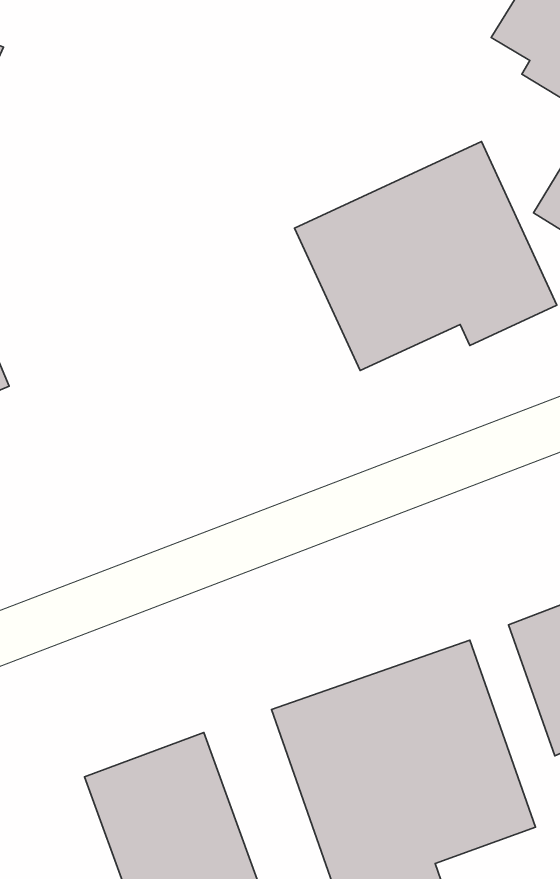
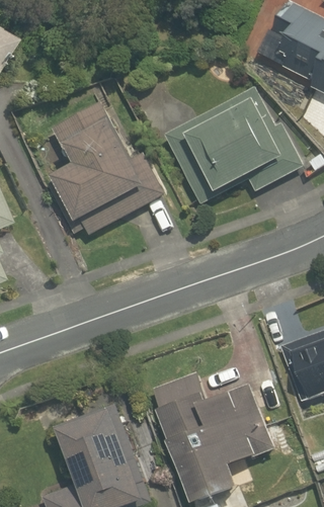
building: none -> [53,99,165,227]

